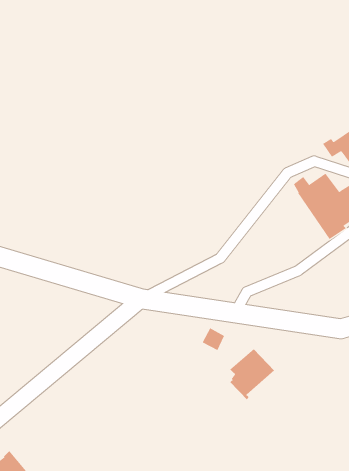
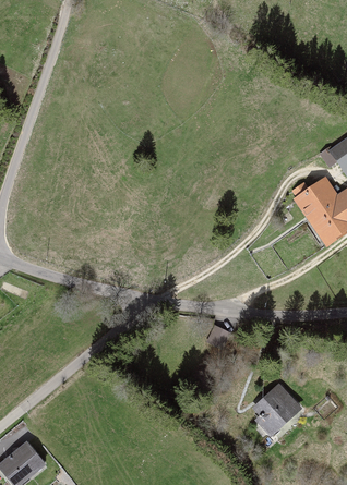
building: [230,349,275,401] -> [258,388,300,437]

